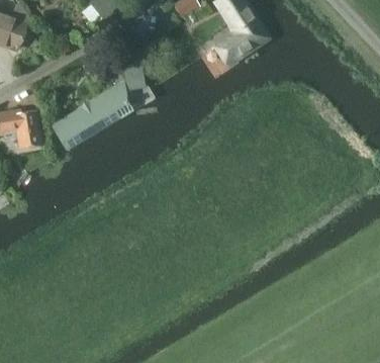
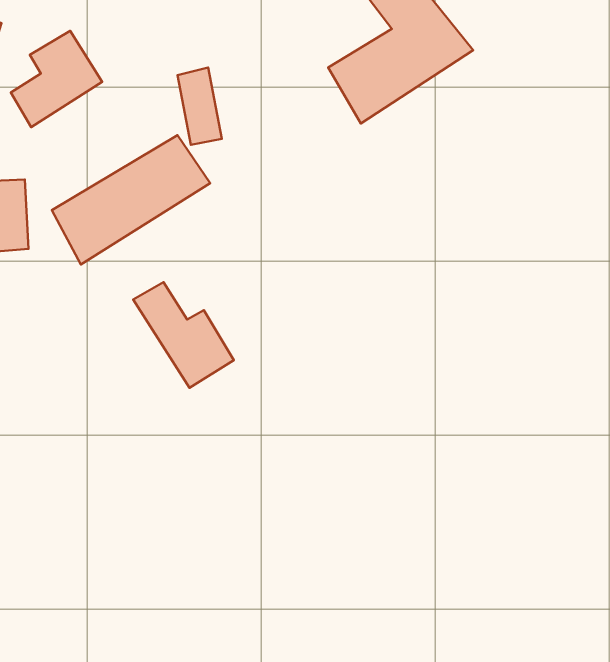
building: none -> [11,31,102,127]
building: none -> [133,282,234,388]

